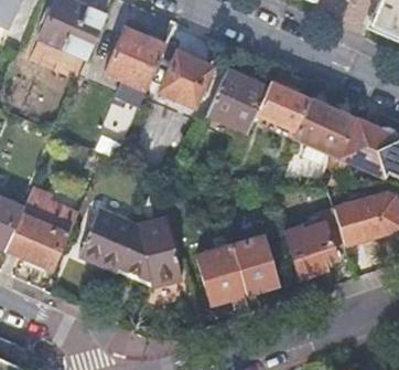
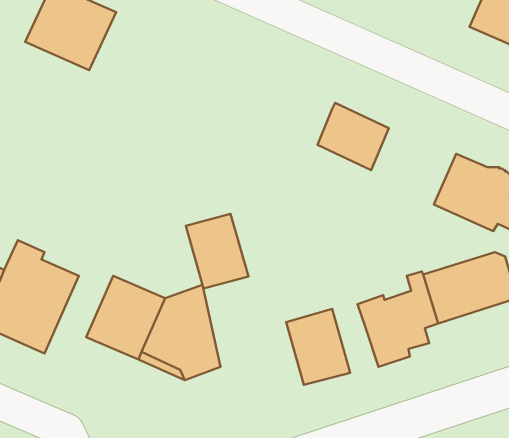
building: [107,29,165,89] -> none
building: [160,53,211,106] -> none
building: [207,70,267,133] -> none
building: [292,101,355,159] -> none
building: [199,245,246,300] -> [186,214,248,288]

